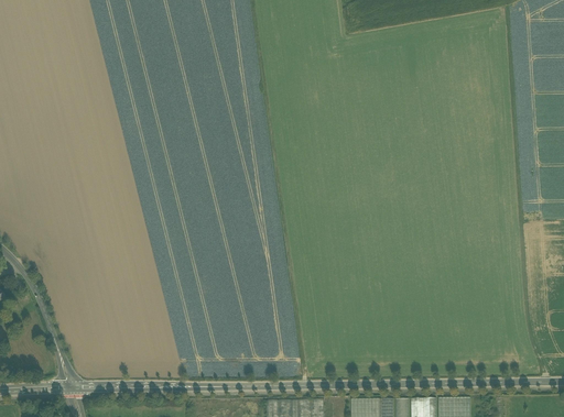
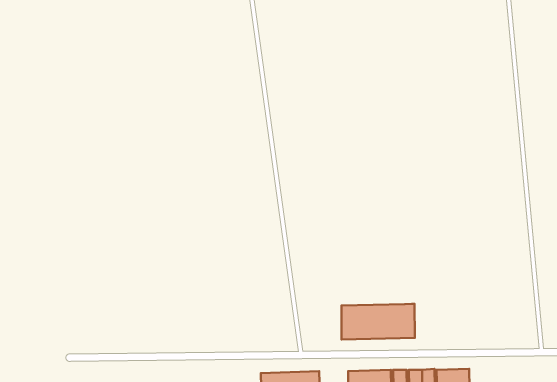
building: none -> [342,304,415,340]

